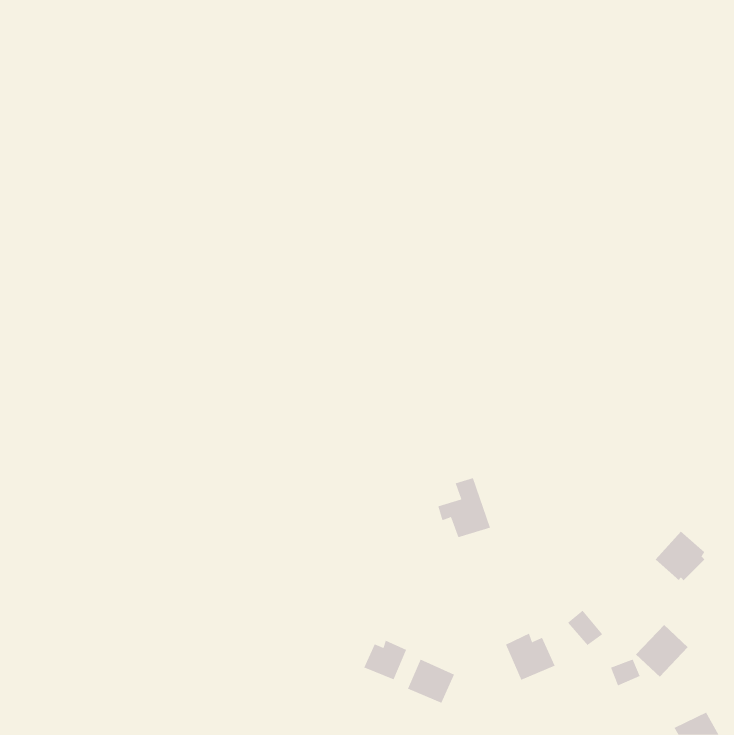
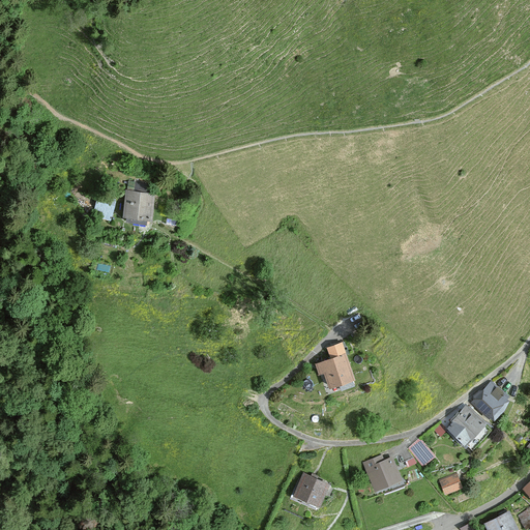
building: none -> [123,192,153,220]
building: [635,624,689,677] -> [447,407,485,445]
building: [364,640,407,680] -> none

